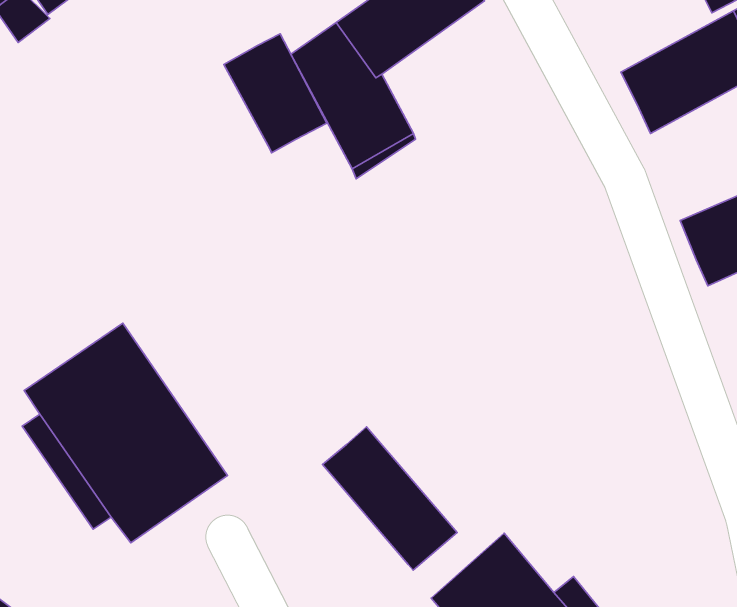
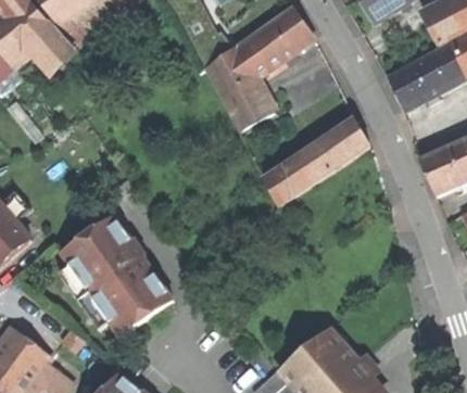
building: [224,34,327,153] -> none
building: none -> [264,121,369,204]
building: [323,427,457,570] -> none

